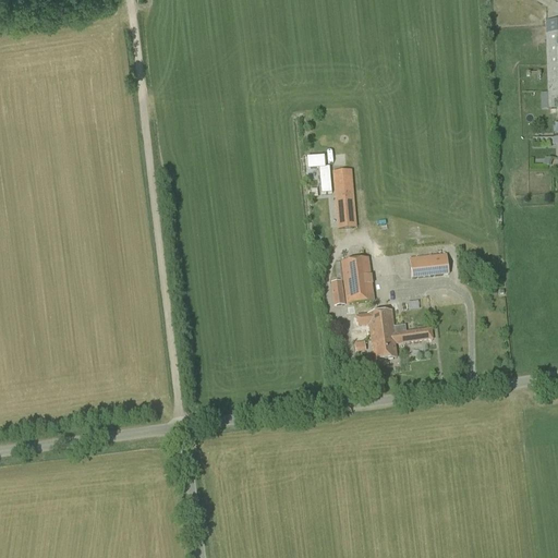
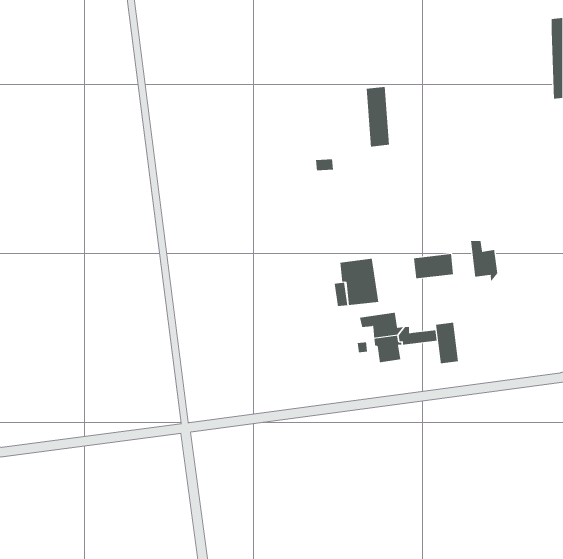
building: [332,167,356,227] -> [366,86,390,147]
building: none -> [471,240,498,282]
building: none -> [436,322,458,364]

